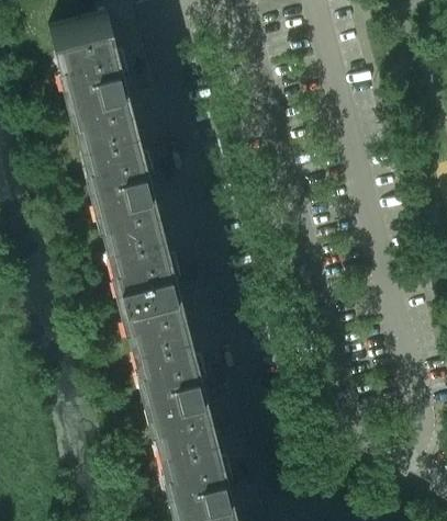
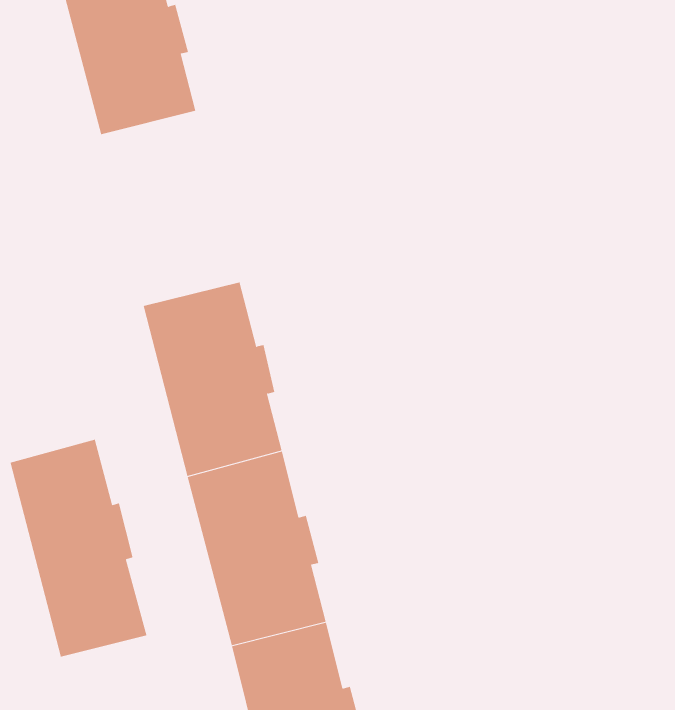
building: [77,116,160,233] -> none
building: none -> [10,439,147,657]

